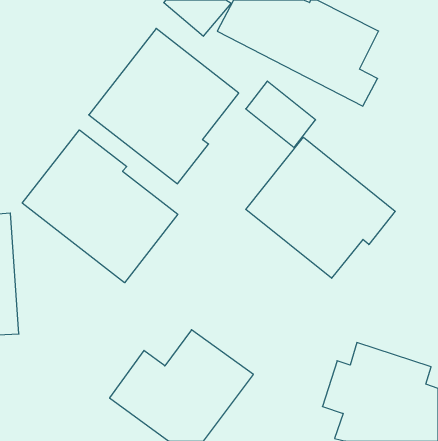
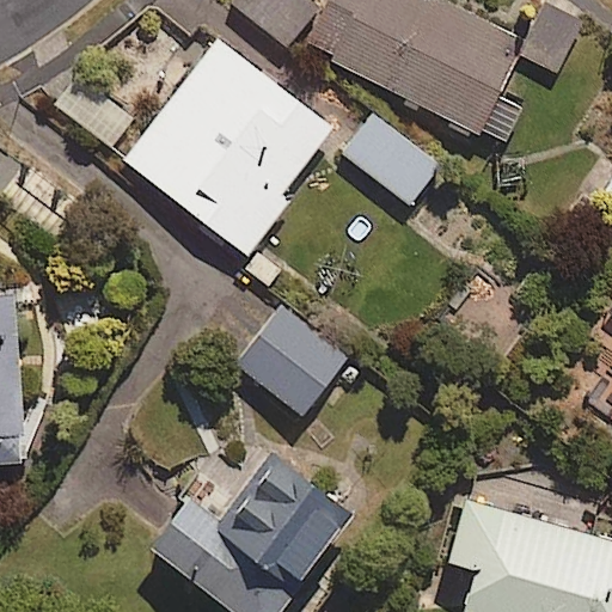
building: [22,130,178,283] -> none
building: [246,137,395,278] -> none
building: none -> [230,305,359,417]

